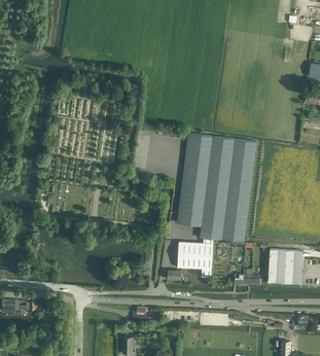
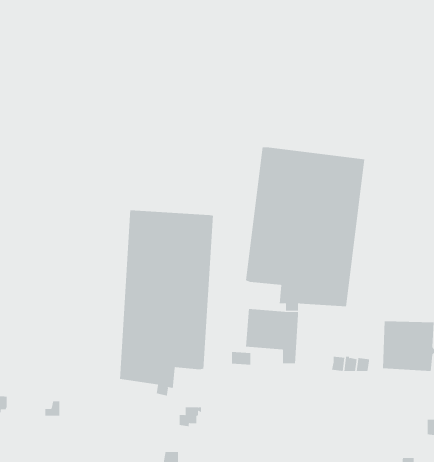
building: none -> [119,209,213,396]

